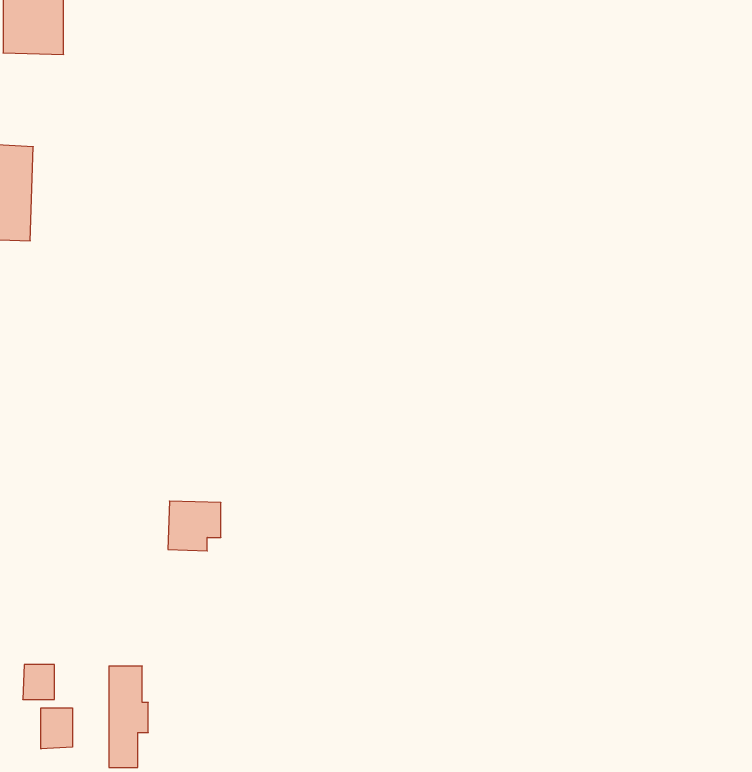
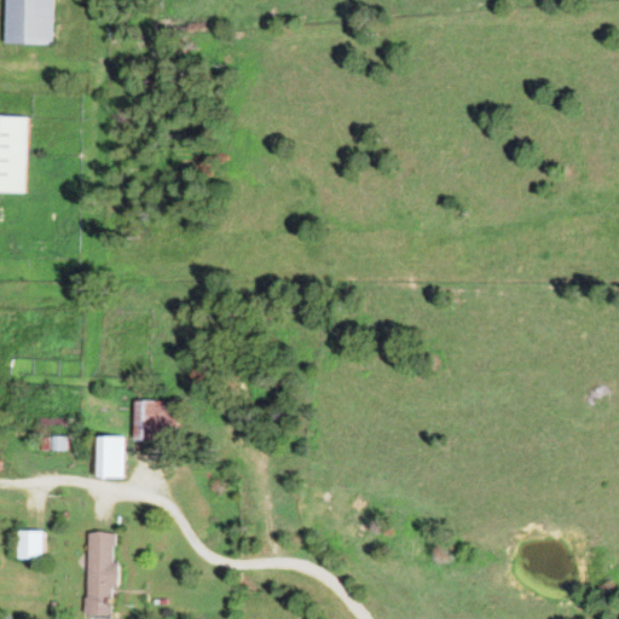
building: none -> [96,436,123,478]
building: [41,708,72,749] -> none

